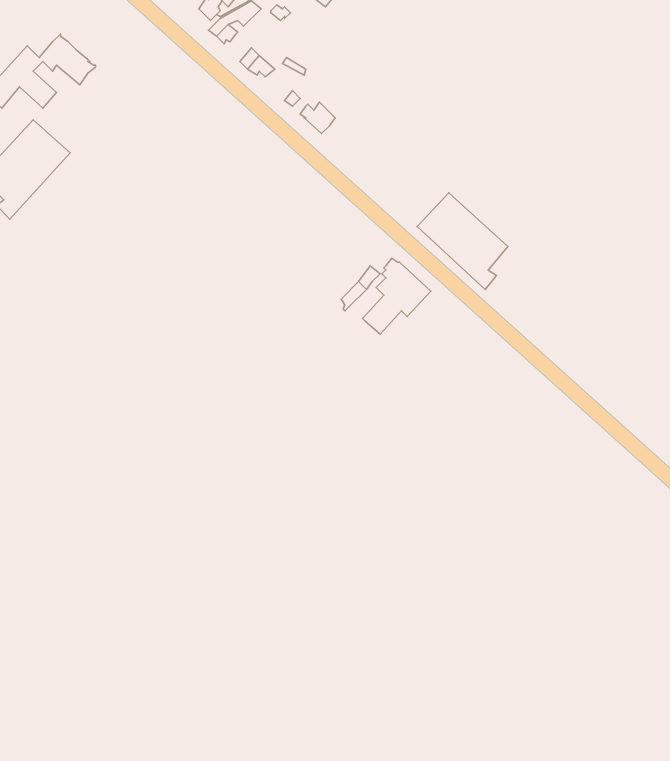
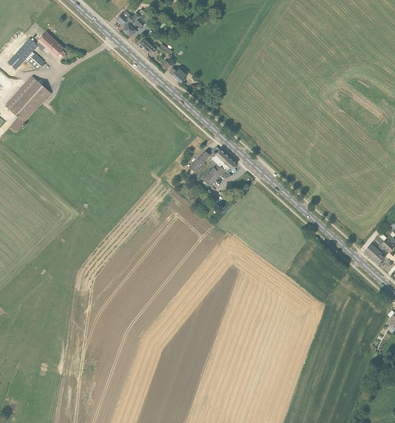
building: [417,193,508,289] -> none

